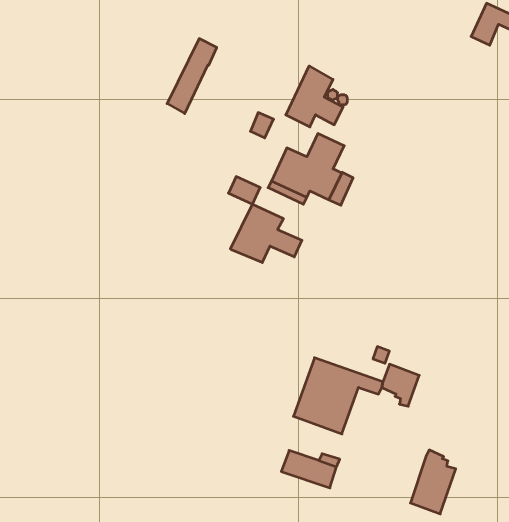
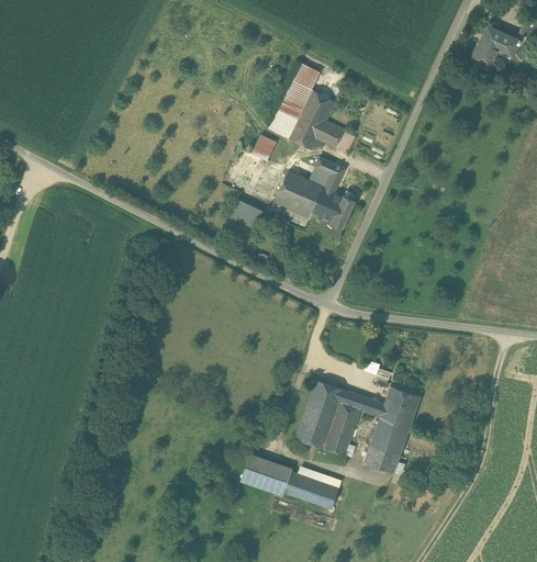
building: [167,39,217,114] -> [270,64,320,138]
building: [230,204,302,263] -> none
building: none -> [242,454,292,495]
building: [410,450,456,514] -> [365,409,410,473]

